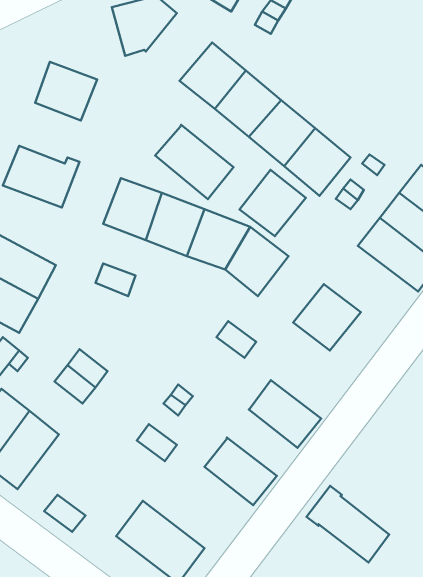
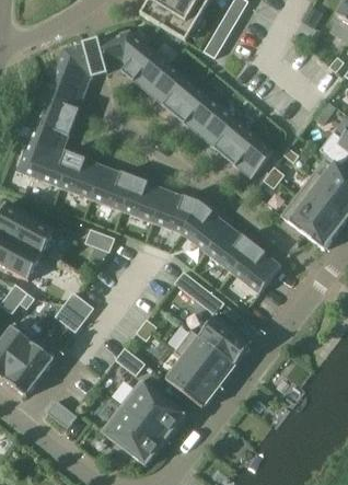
building: none -> [50,42,93,91]
building: none -> [121,42,171,92]
building: none -> [27,108,73,153]
building: [155,125,233,199] -> none
building: none -> [59,152,103,198]
building: [239,170,306,236] -> [205,222,254,272]
building: none -> [119,378,185,439]
building: [307,486,389,563] -> [173,328,234,385]

